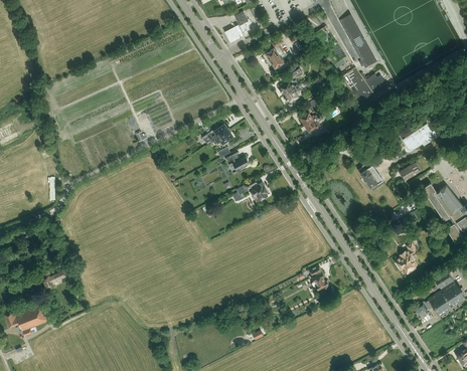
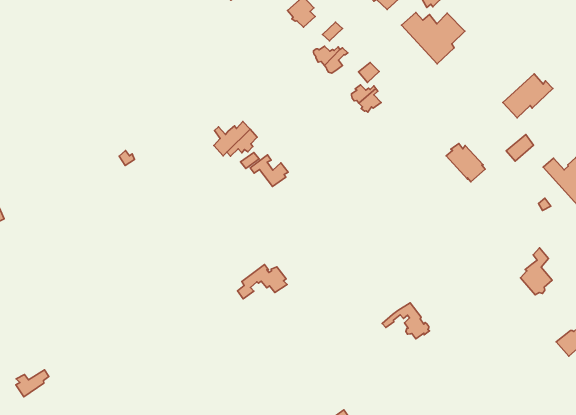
building: [233,180,268,201] -> [238,264,287,299]

